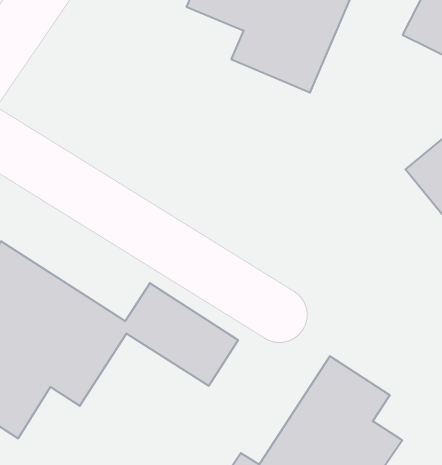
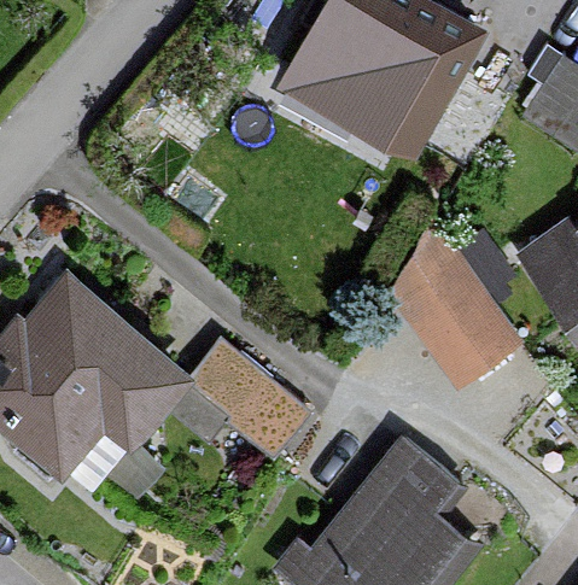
building: none -> [390,232,522,392]

